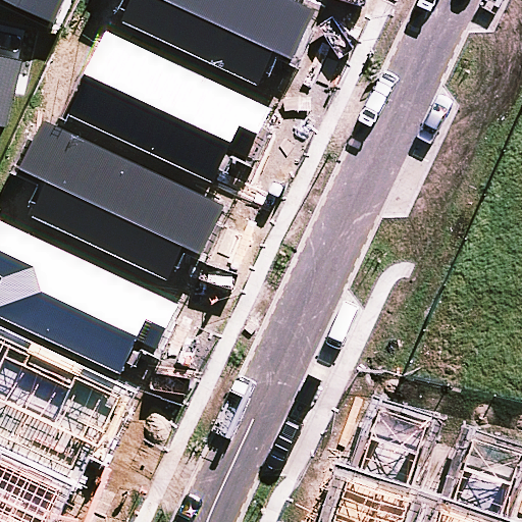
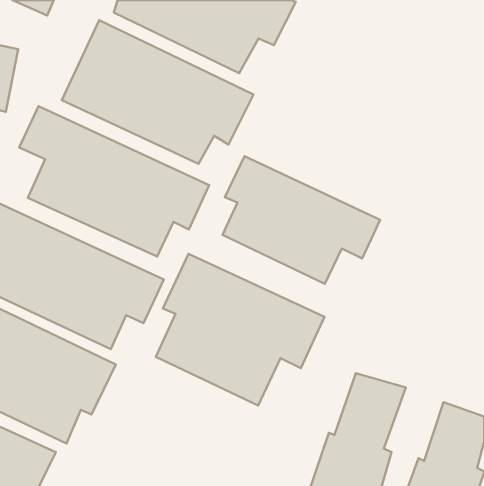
building: none -> [223,156,380,284]
building: none -> [156,254,324,406]

